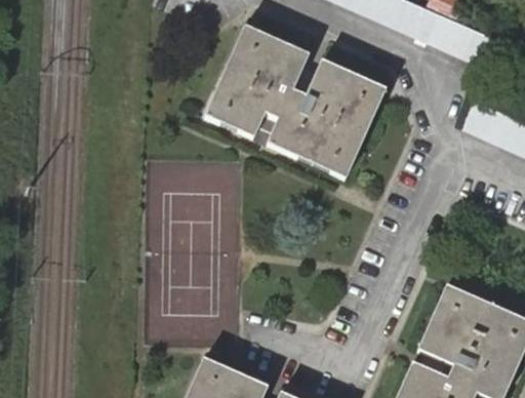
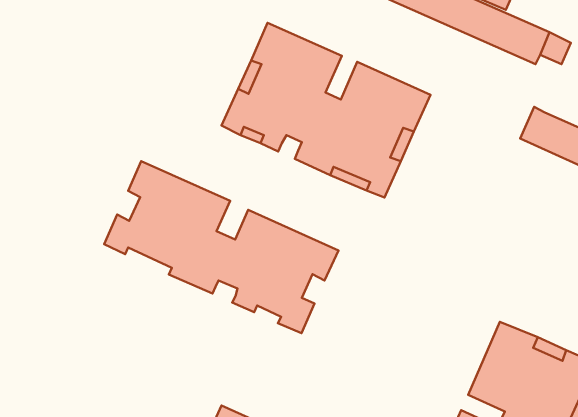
building: none -> [104,161,338,333]

